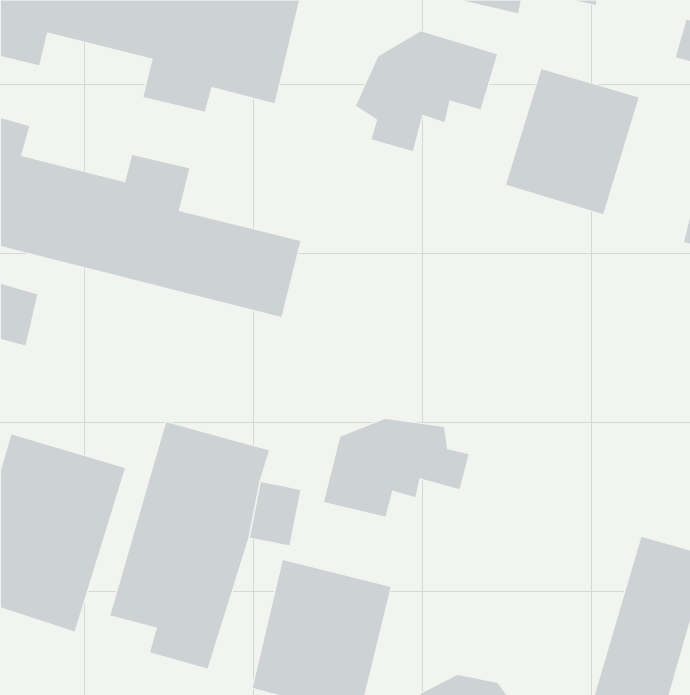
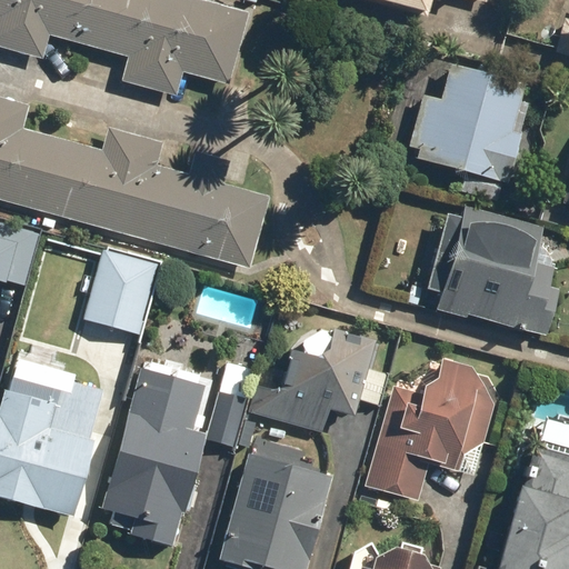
building: [355,31,498,152] -> none
building: none -> [433,212,548,338]
building: none -> [87,242,162,330]
building: none -> [367,362,498,503]

